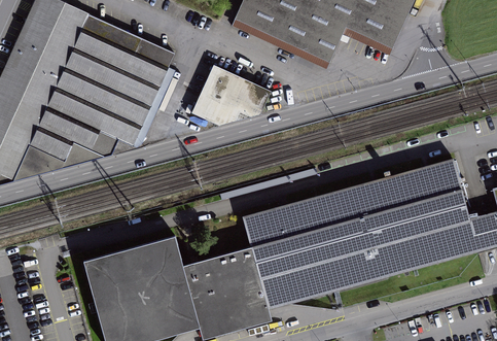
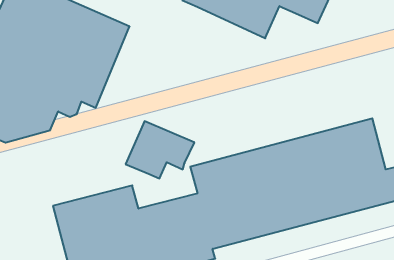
building: [191,63,271,129] -> [126,121,194,178]

